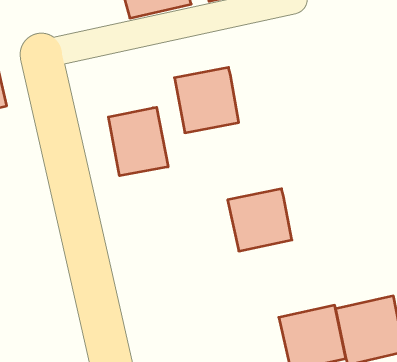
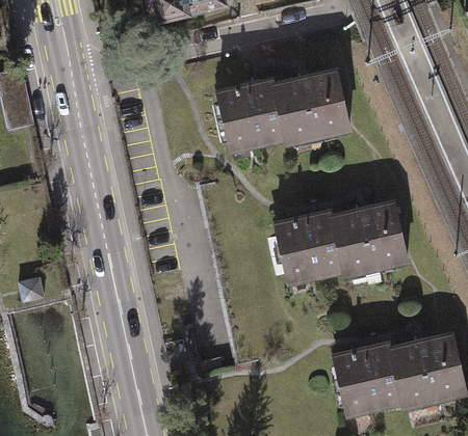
building: none -> [276,75,353,152]
building: [108,107,168,176] -> none
building: none -> [335,208,413,279]

